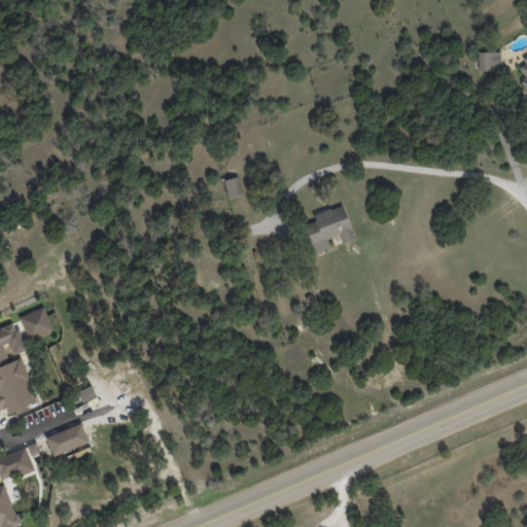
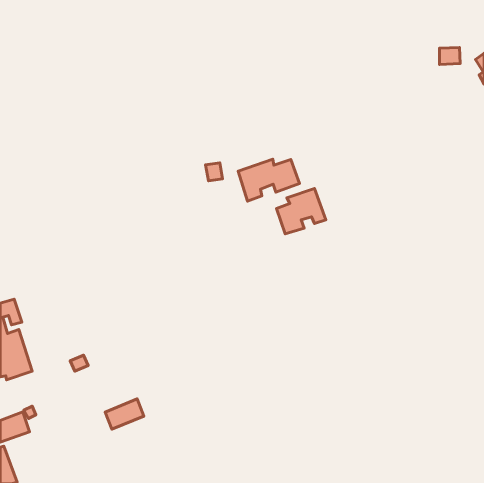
building: none -> [238,159,299,201]
building: [19,308,52,341] -> none
building: [45,424,87,457] -> [105,399,144,429]

